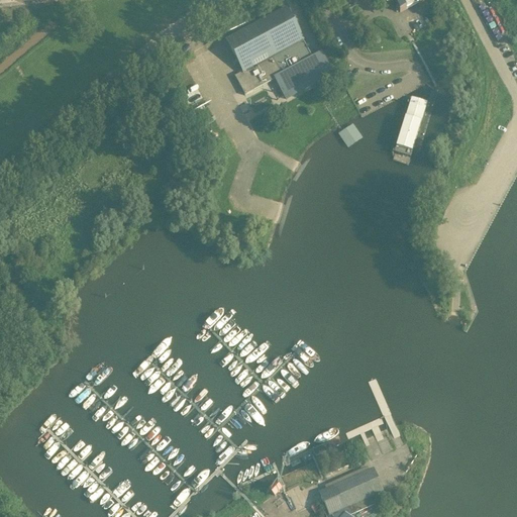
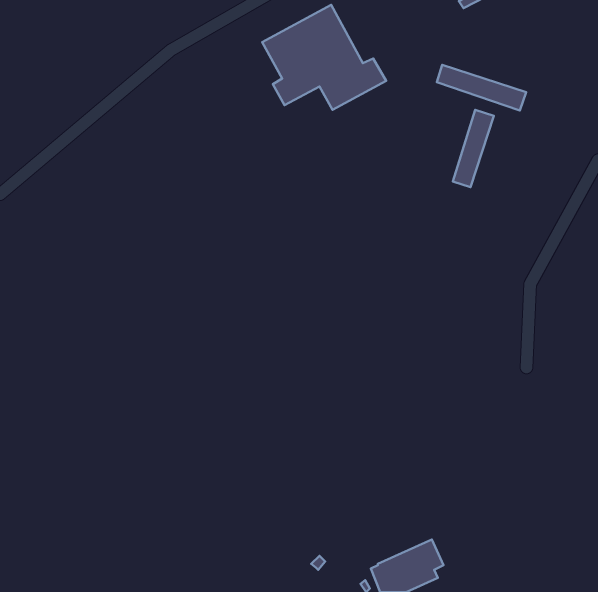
building: none -> [437,65,526,110]

